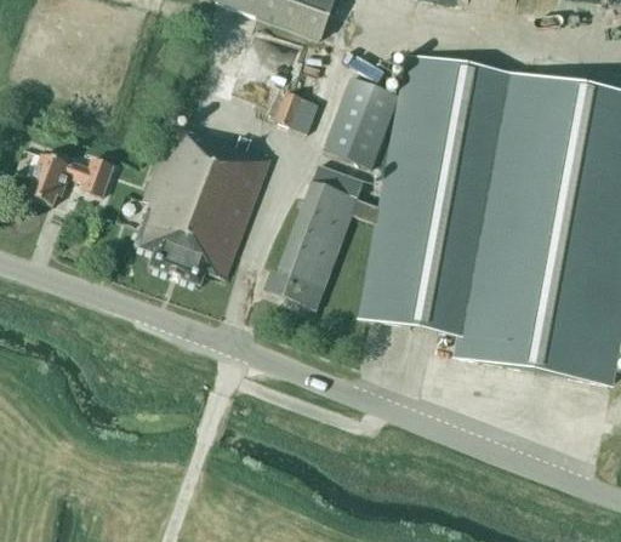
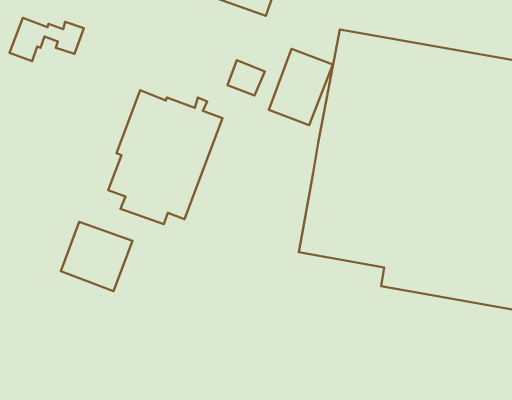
building: [27,153,114,204] -> [9,18,84,61]
building: [264,162,382,307] -> none
building: none -> [61,222,132,291]

